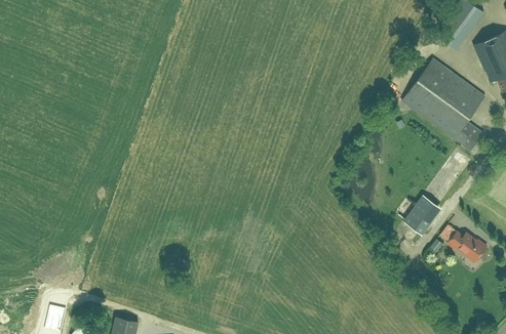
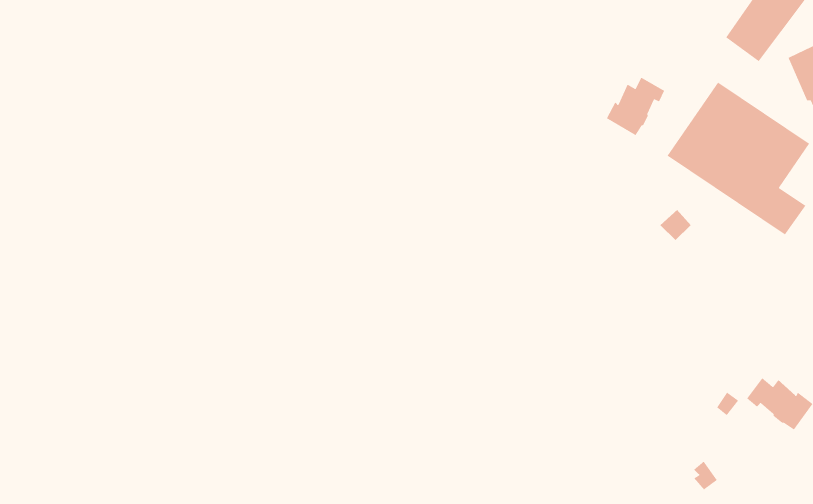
building: none -> [606,76,665,136]
building: [403,193,438,231] -> none

